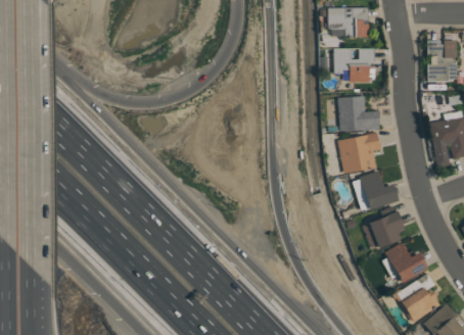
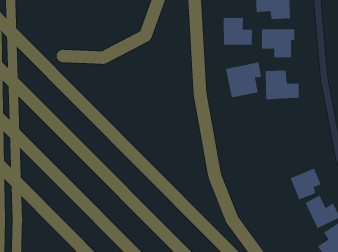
building: none -> [223,17,252,46]
building: [337,132,380,174] -> [225,62,262,98]
building: [353,173,398,210] -> none

